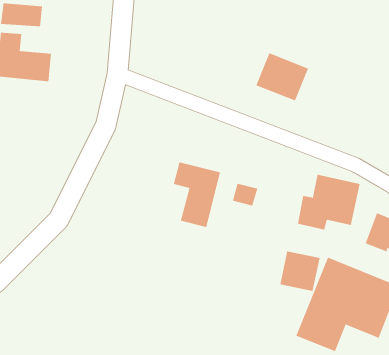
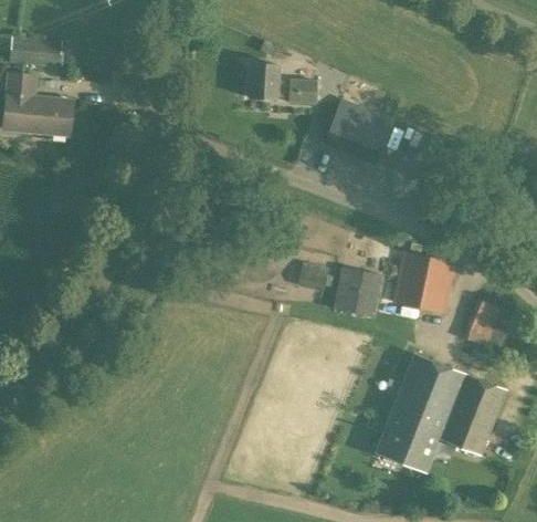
building: none -> [248,63,317,103]
building: [173,161,221,228] -> none
building: [280,251,320,292] -> [333,265,383,316]

